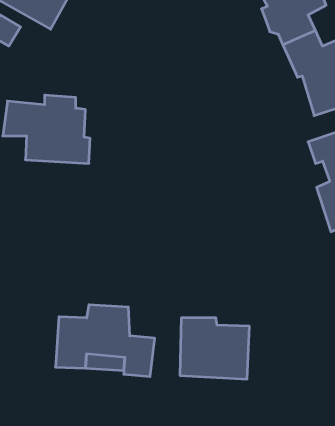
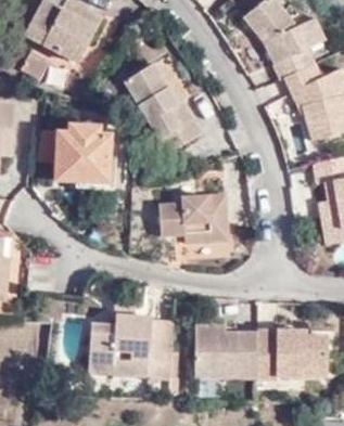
building: none -> [127,64,202,155]
building: none -> [157,194,226,242]
building: none -> [258,327,329,380]

